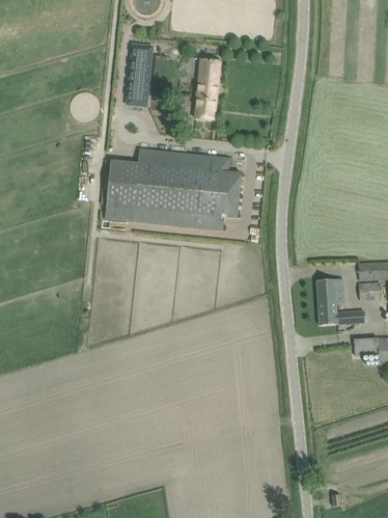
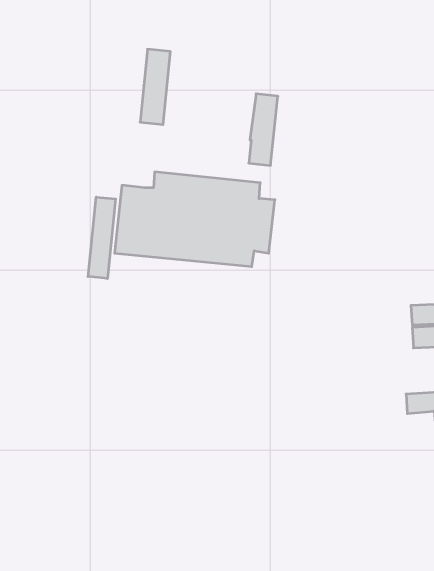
building: [195,58,220,119] -> [249,94,278,165]
building: none -> [88,197,116,279]
building: [316,278,364,324] -> none

